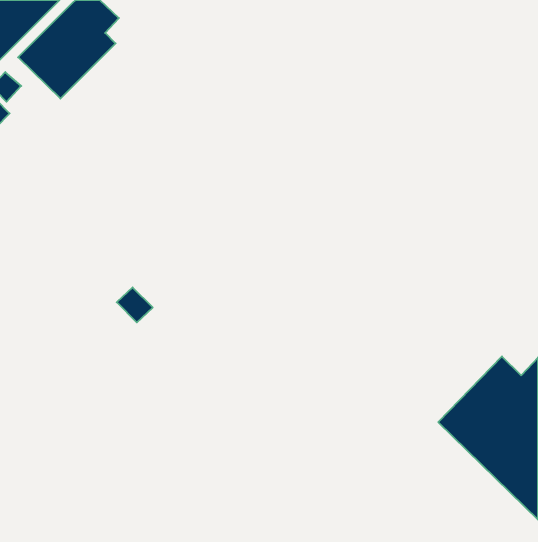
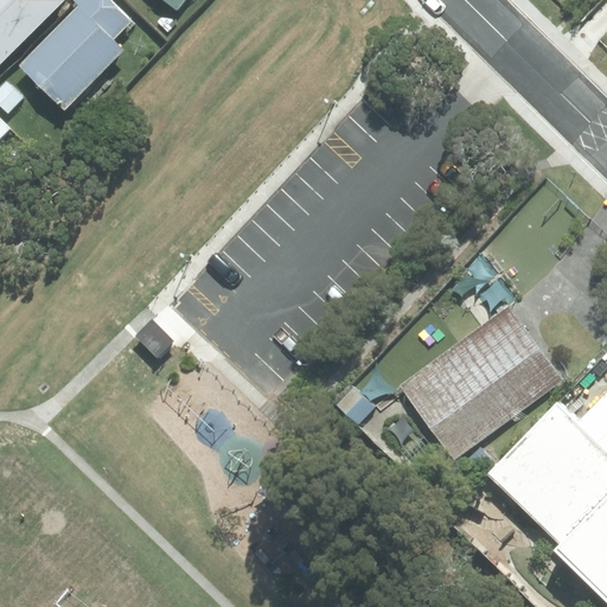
building: none -> [398,304,563,459]

